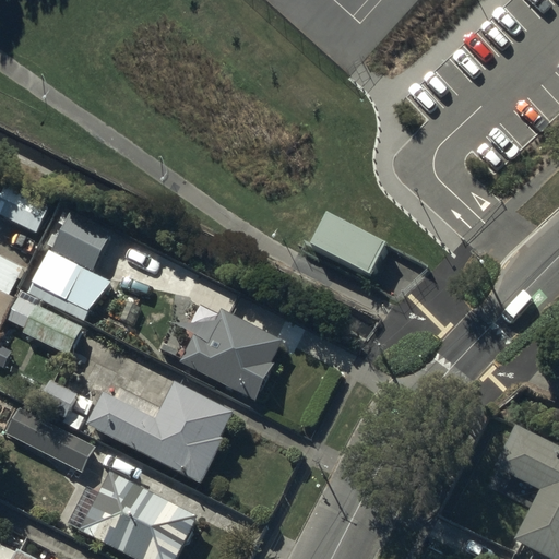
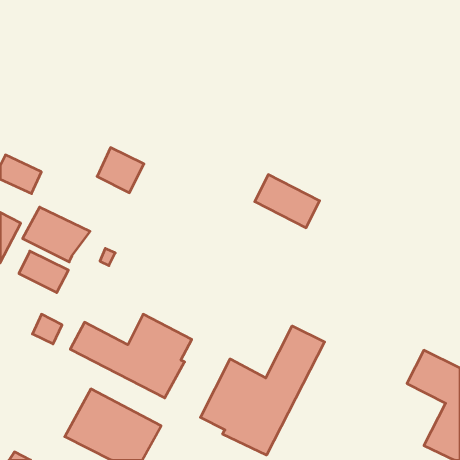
building: [52,213,109,267] -> [97,148,144,193]
building: [180,310,284,397] -> none
building: none -> [200,326,325,455]
building: [4,407,94,473] -> none

